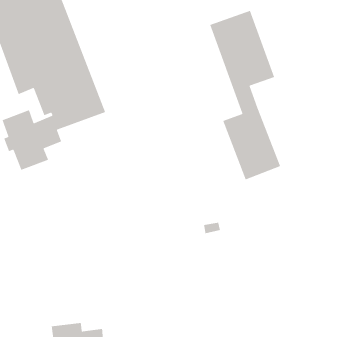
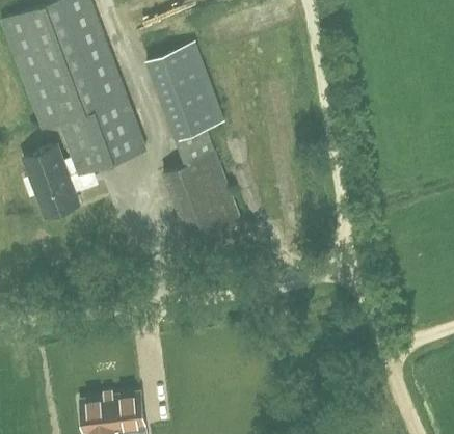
building: [209,10,281,180] -> [149,43,234,244]

